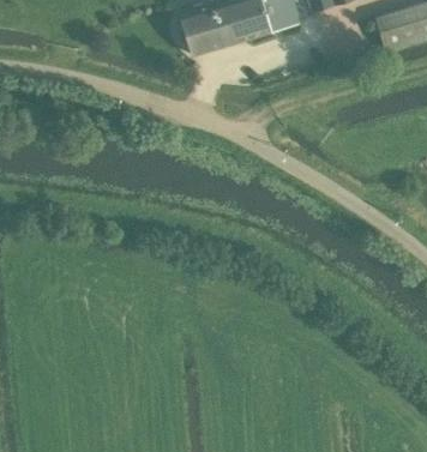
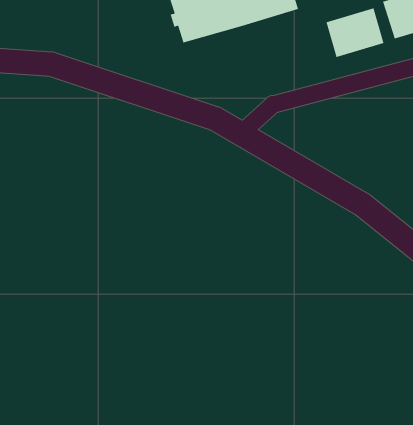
building: none -> [326,7,384,58]

